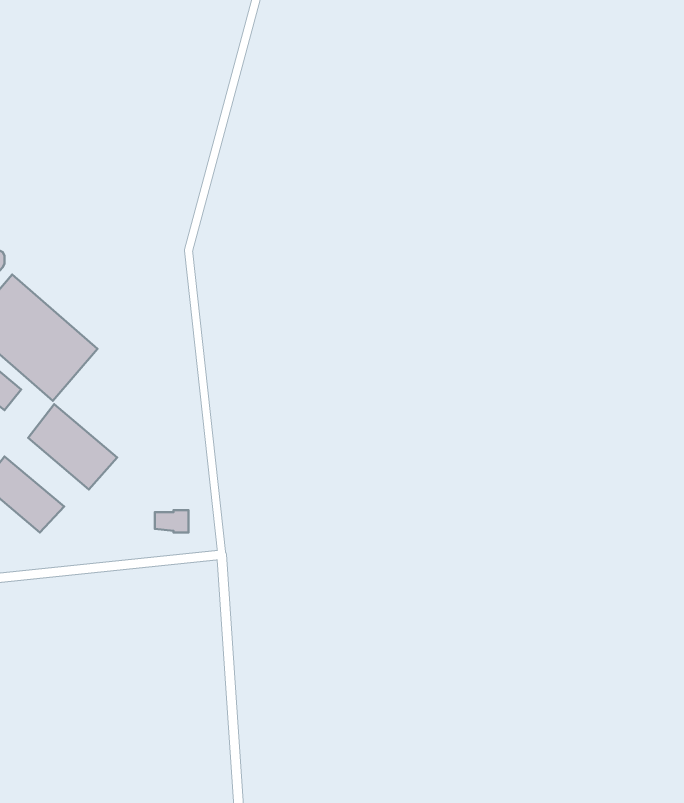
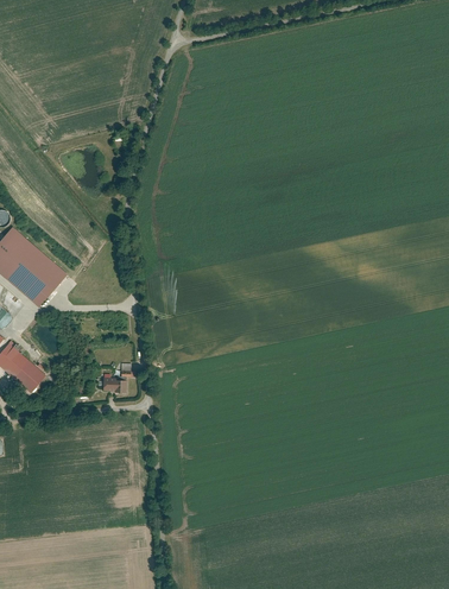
building: [28,404,117,490] -> none

